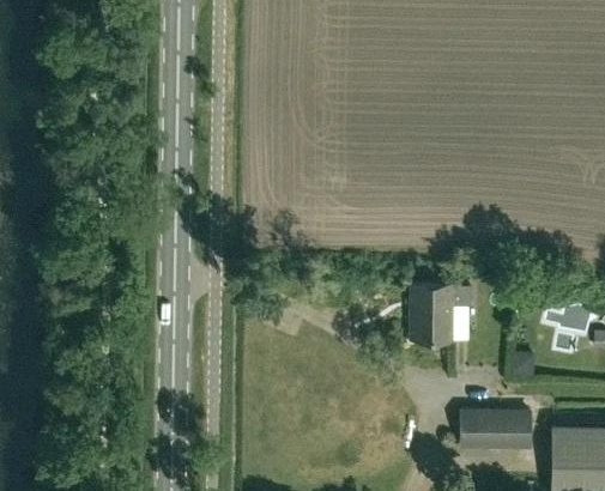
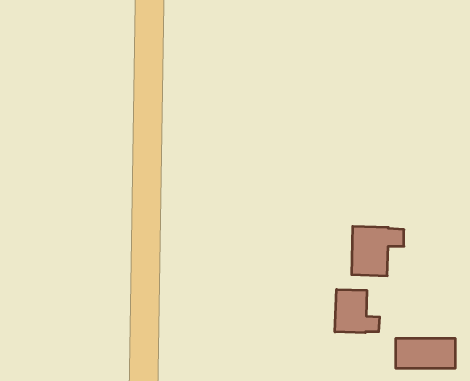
building: none -> [335,289,380,333]

